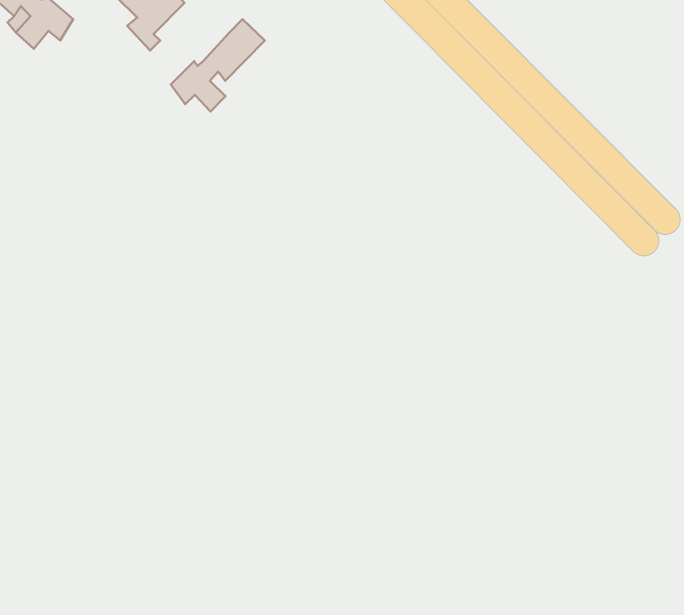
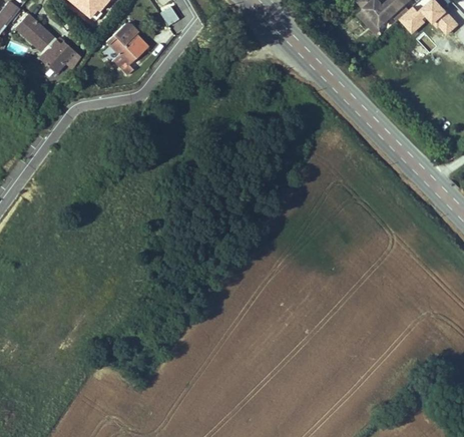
building: [171,19,265,112] -> none

